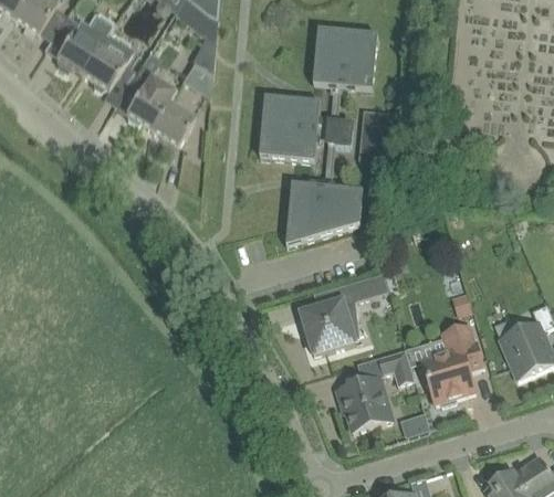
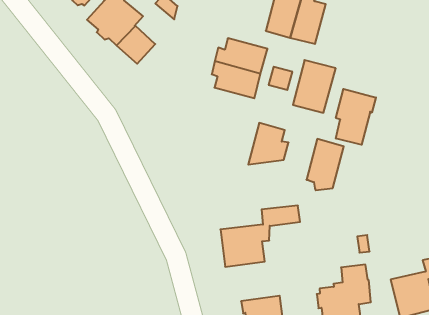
building: none -> [336,89,376,145]
building: [289,181,324,239] -> [306,139,344,190]
building: [378,346,415,381] -> none

